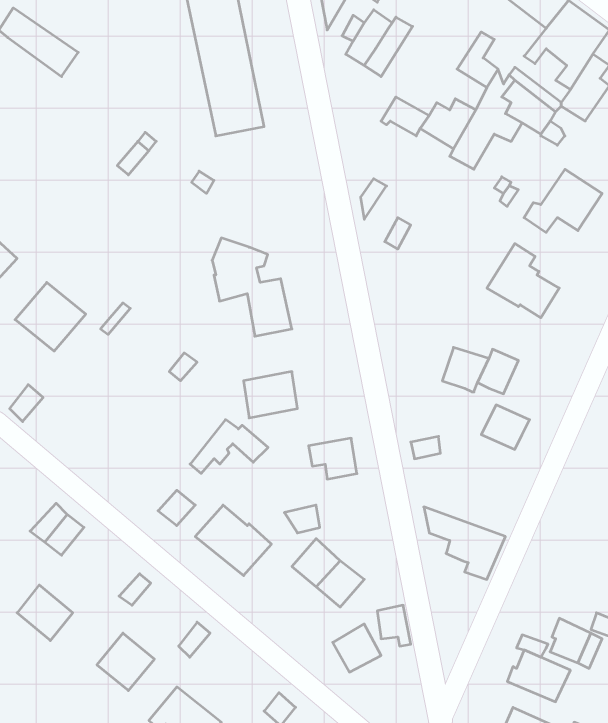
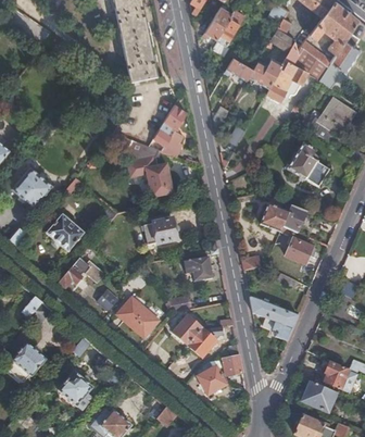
building: none -> [152,105,184,155]
building: none -> [46,215,84,251]
building: [190,420,268,473] -> [59,258,104,289]

